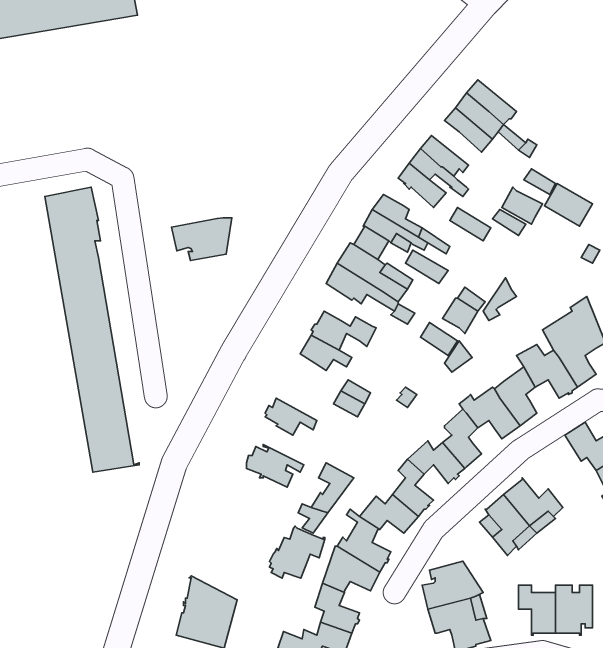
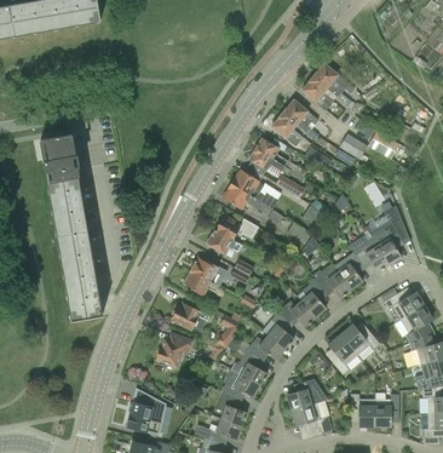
building: [171,218,232,261] -> none
building: none -> [191,257,228,286]
building: [269,526,325,578] -> [156,332,192,366]

